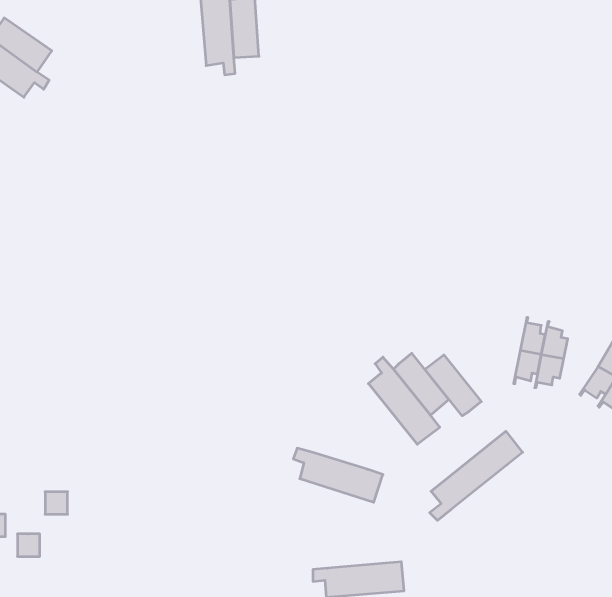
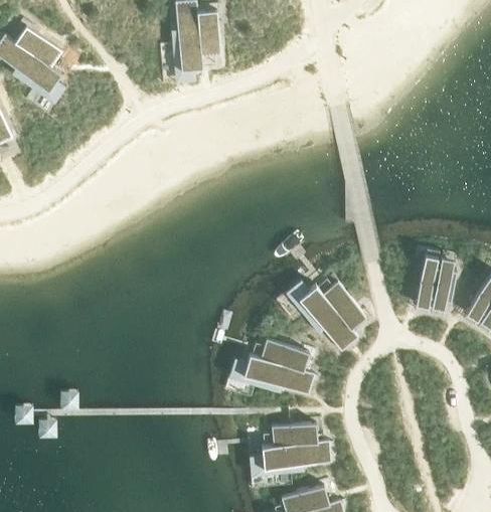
building: [425,355,481,416] -> none
building: none -> [260,339,308,370]
building: [430,431,523,520] -> none
building: none -> [271,422,316,446]

